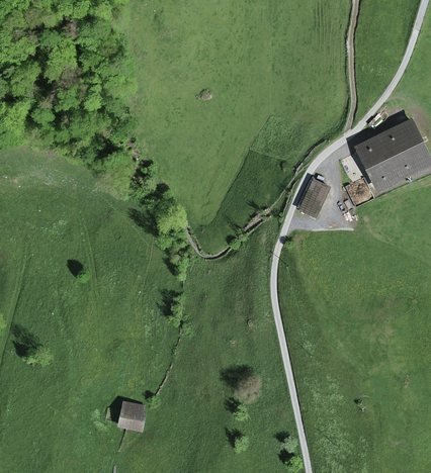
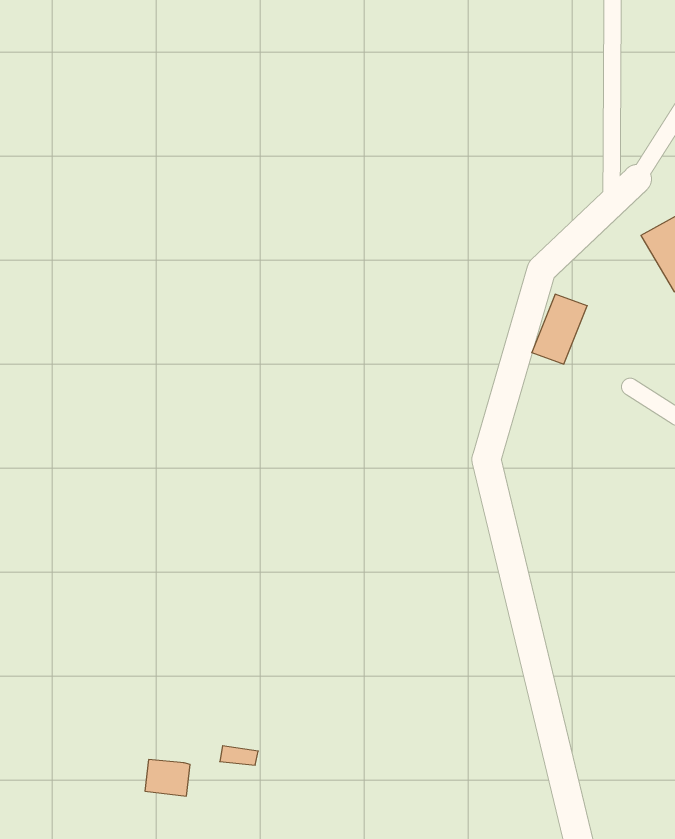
building: [119,409,144,430] -> [145,760,190,796]

